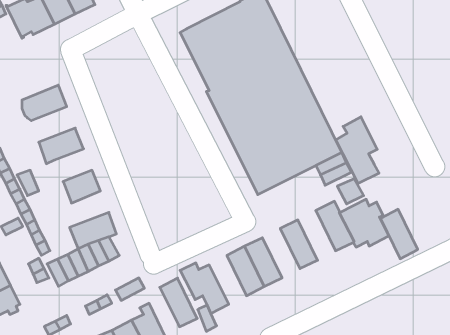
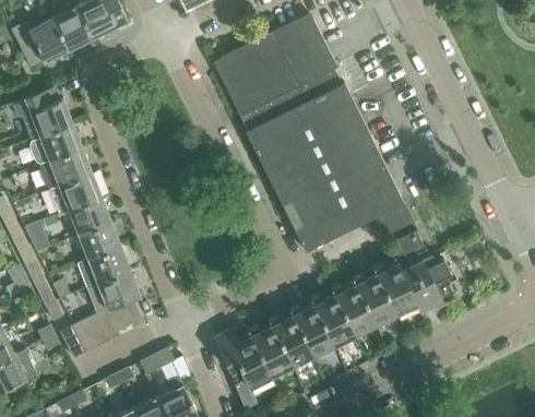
building: none -> [11,85,72,140]
building: none -> [39,147,92,189]
building: [336,117,379,183] -> none
building: none -> [68,196,111,235]
building: none -> [74,246,131,288]
building: [380,209,418,259] -> [352,269,395,326]
building: none -> [310,289,354,347]
building: [160,278,197,327] -> [248,321,292,378]

